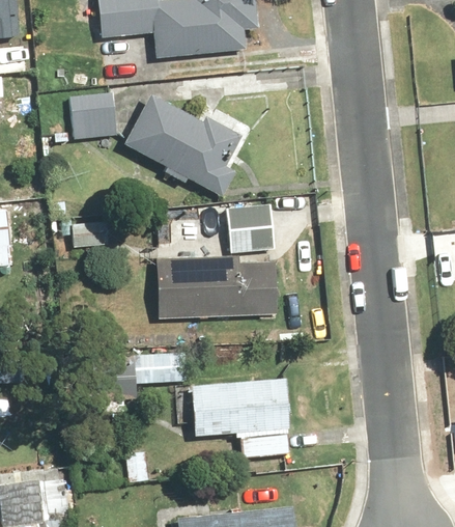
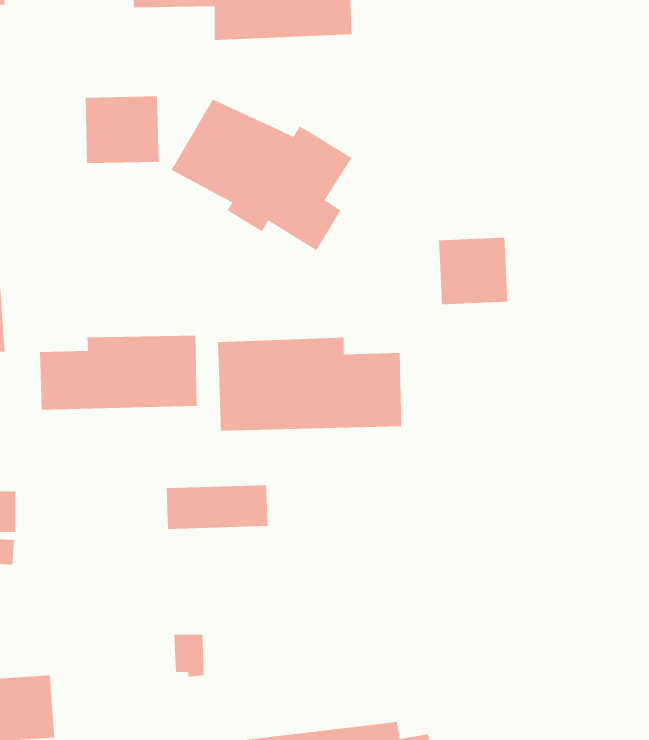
building: [228,205,275,251] -> [438,237,508,305]
building: none -> [39,335,197,411]
building: [192,378,291,456] -> none

